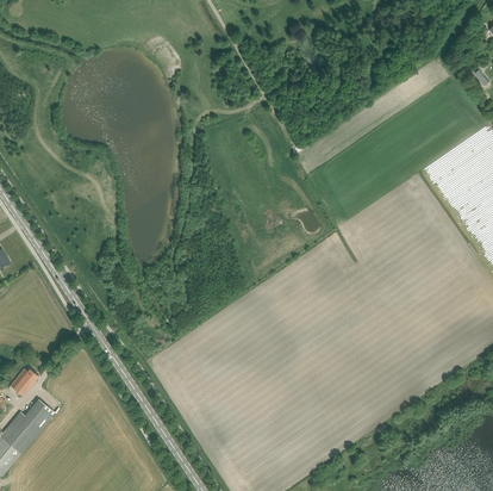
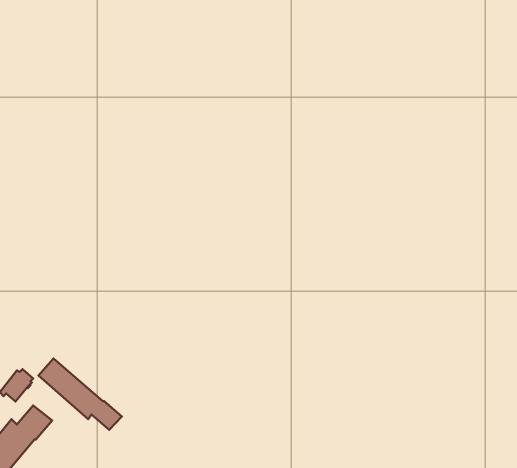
building: none -> [38,359,122,430]

